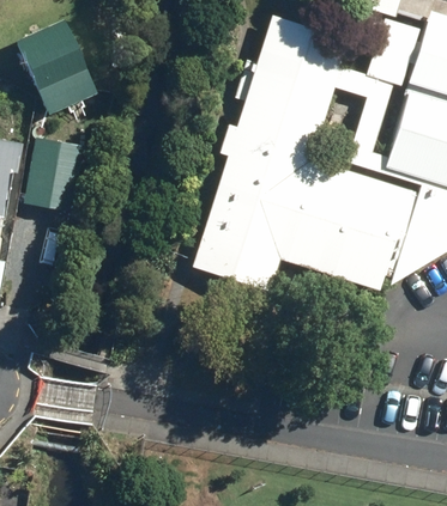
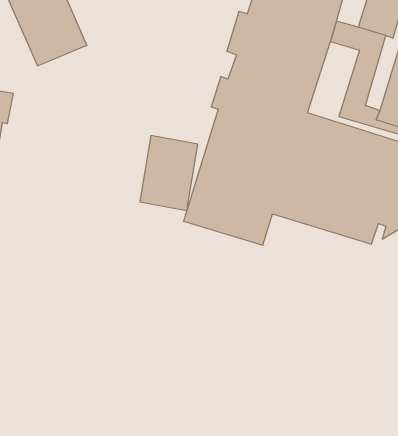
building: [23,136,80,211] -> [140,136,198,210]

